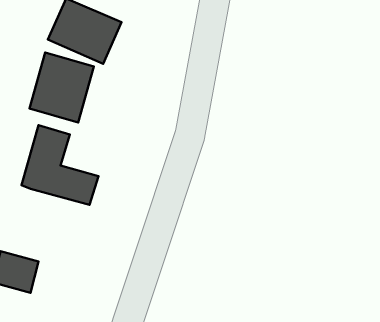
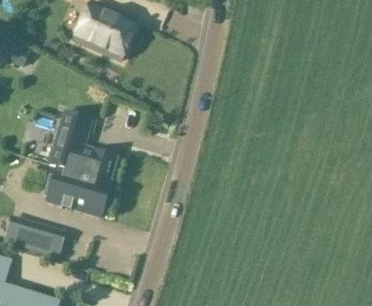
building: [29,52,94,122] -> none
building: none -> [48,166,112,216]

